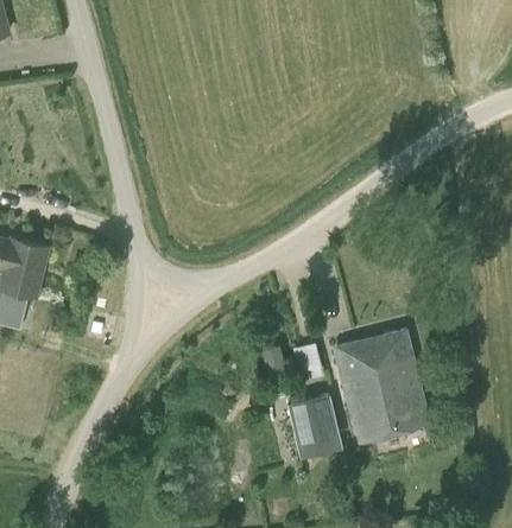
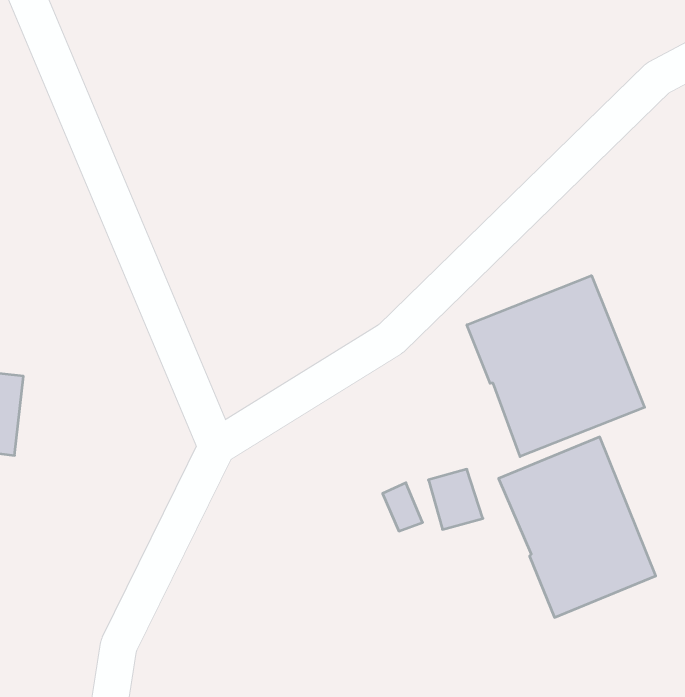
building: none -> [467,276,645,457]
building: [290,396,340,459] -> none

